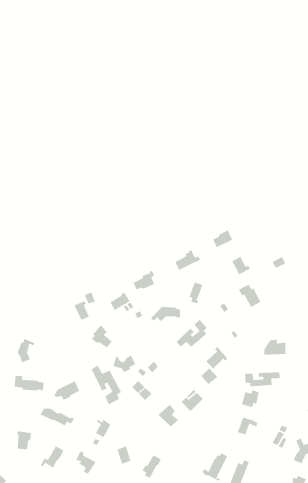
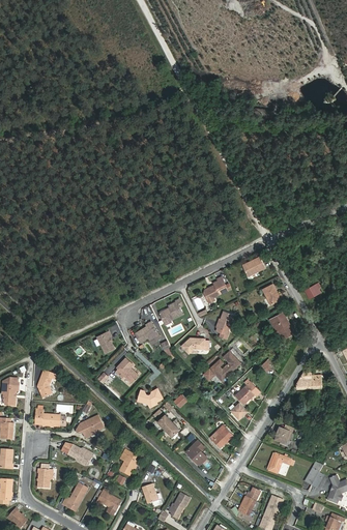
building: [90,365,122,405] -> none
building: [244,371,281,387] -> none

